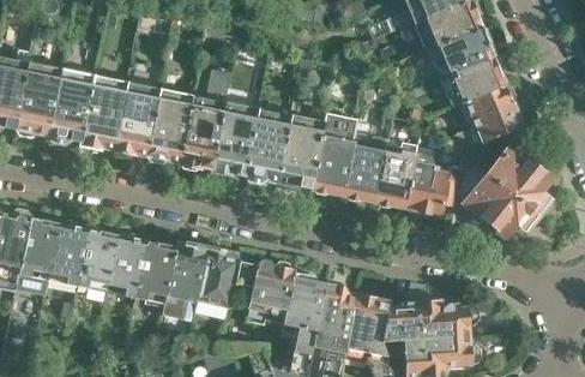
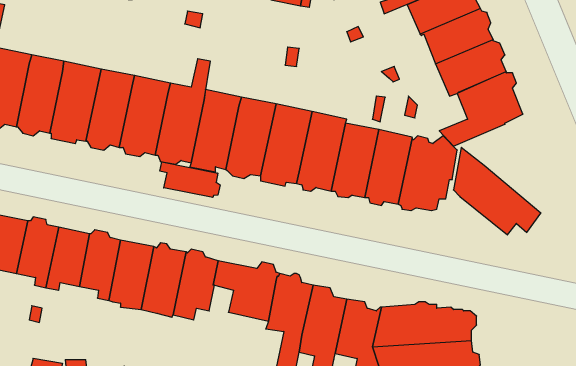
building: [484,133,553,216] -> none
building: none -> [160,162,220,197]

